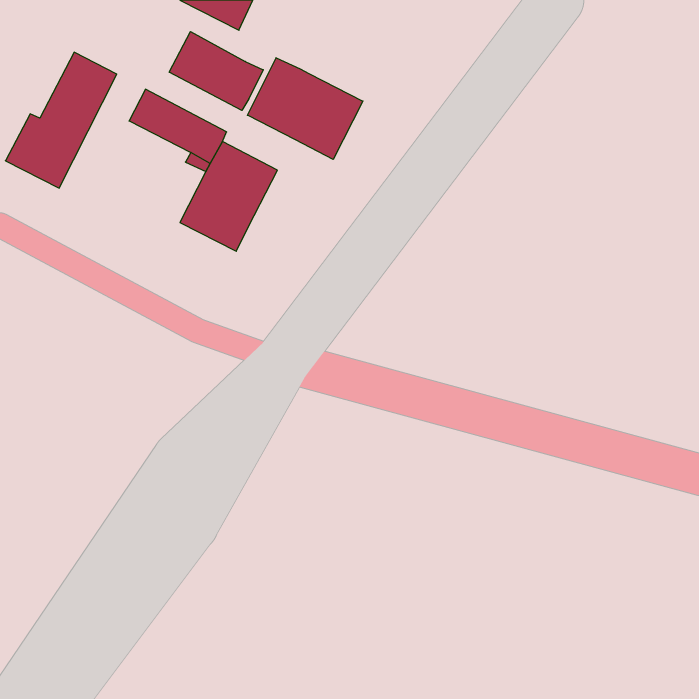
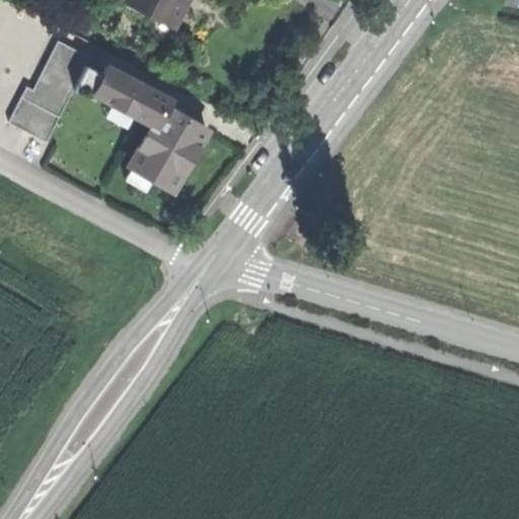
building: [169,32,263,110] -> none
building: [247,58,363,159] -> none

